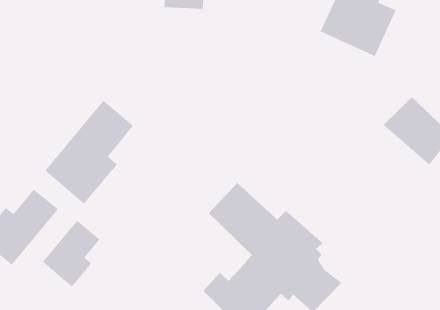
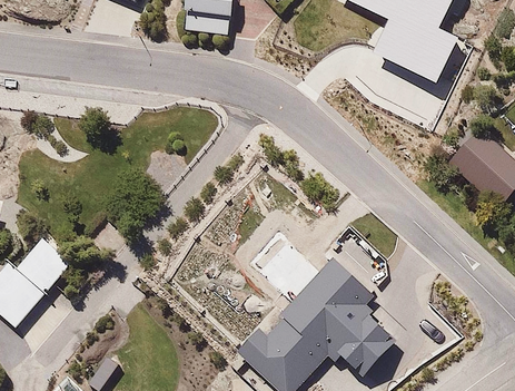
building: [45,100,134,205] -> none
building: [42,220,100,287] -> none

